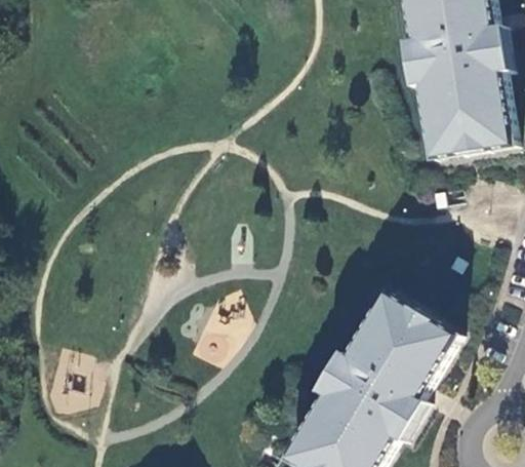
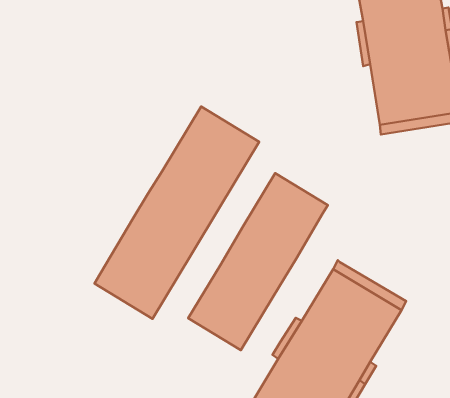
building: none -> [94,106,259,319]
building: none -> [188,173,328,350]

